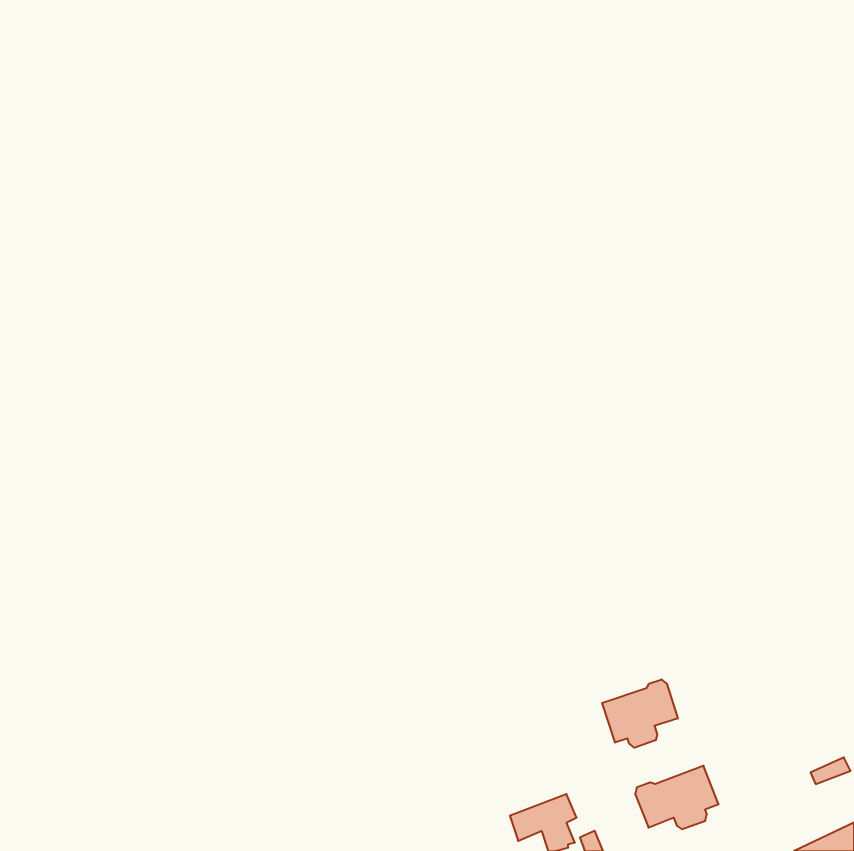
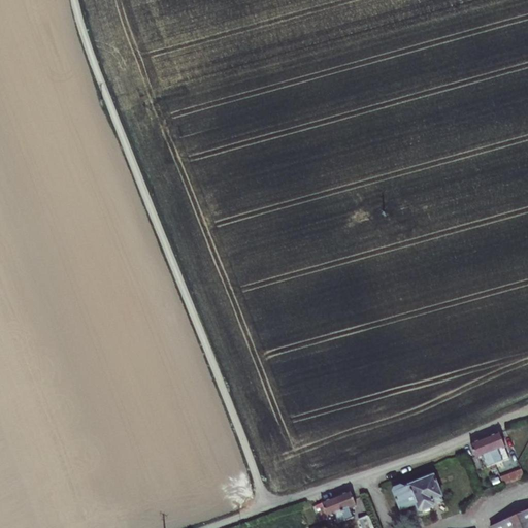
building: [602,679,678,748] -> none
building: none -> [470,431,508,468]

